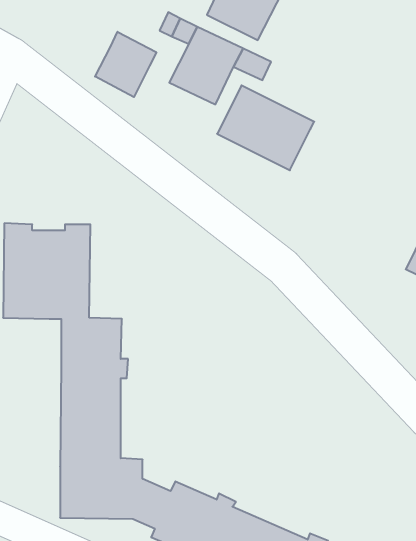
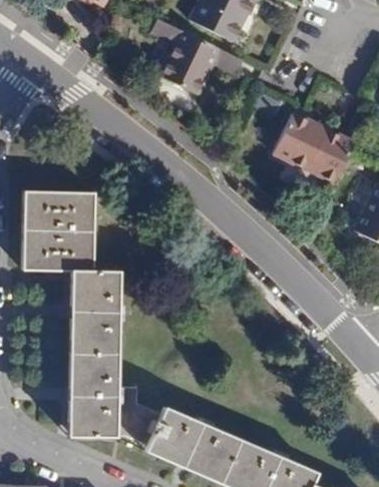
building: [95,32,156,97] -> none
building: [217,85,314,170] -> [274,111,354,181]

